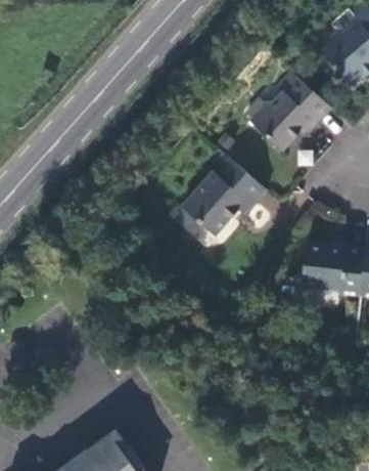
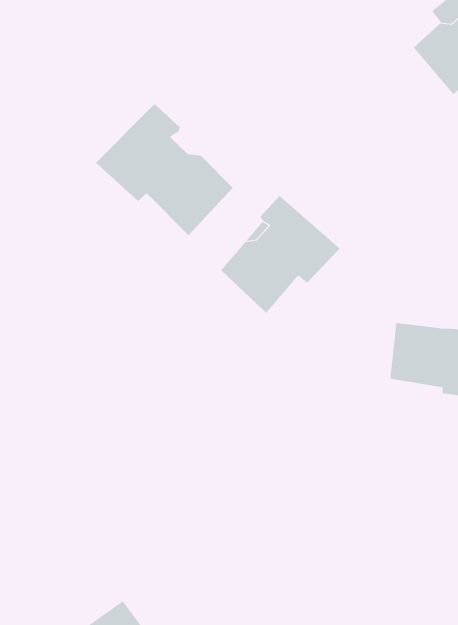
building: [250,74,330,153] -> none
building: none -> [95,103,233,236]

